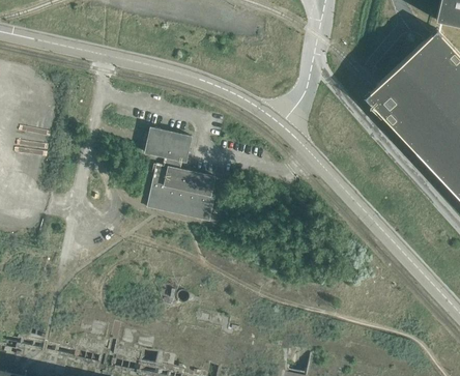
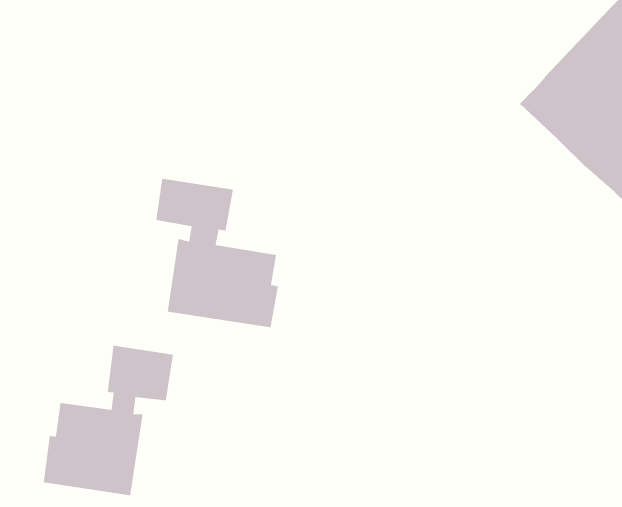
building: none -> [43,345,174,496]

